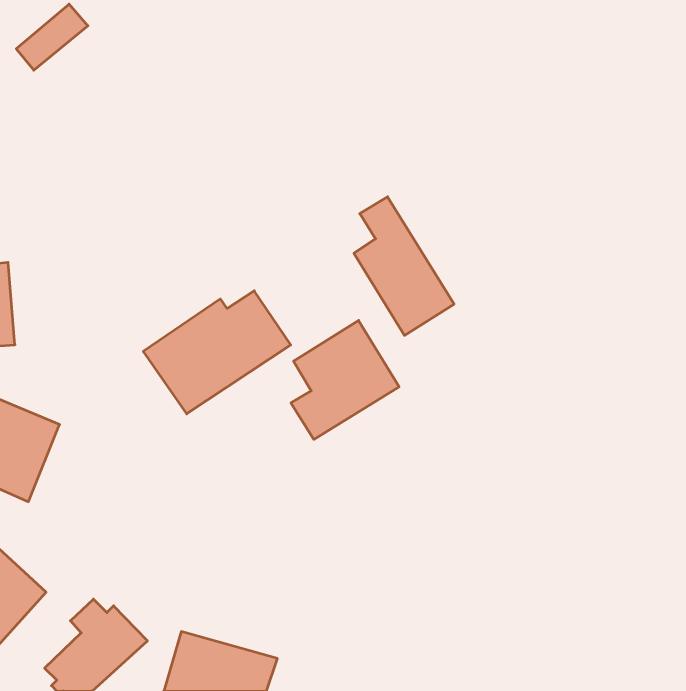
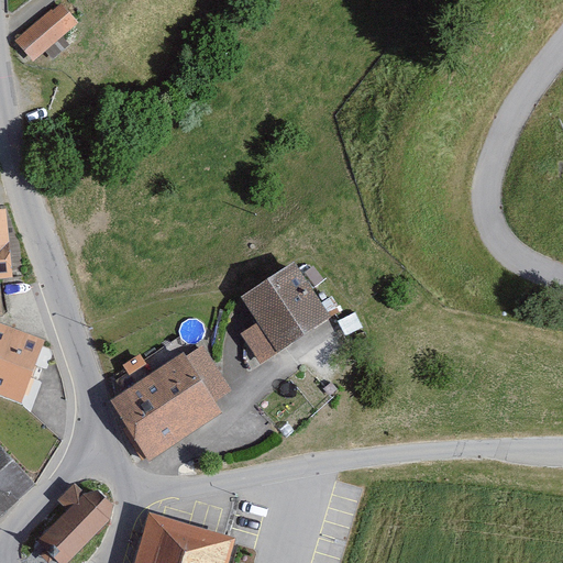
building: [354,197,454,335] -> none
building: [143,291,291,414] -> [114,349,234,449]

